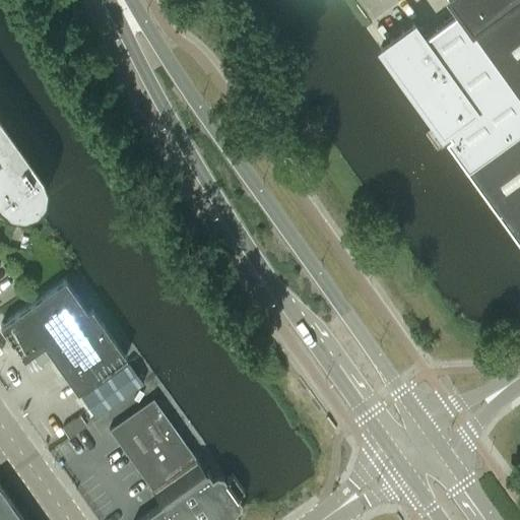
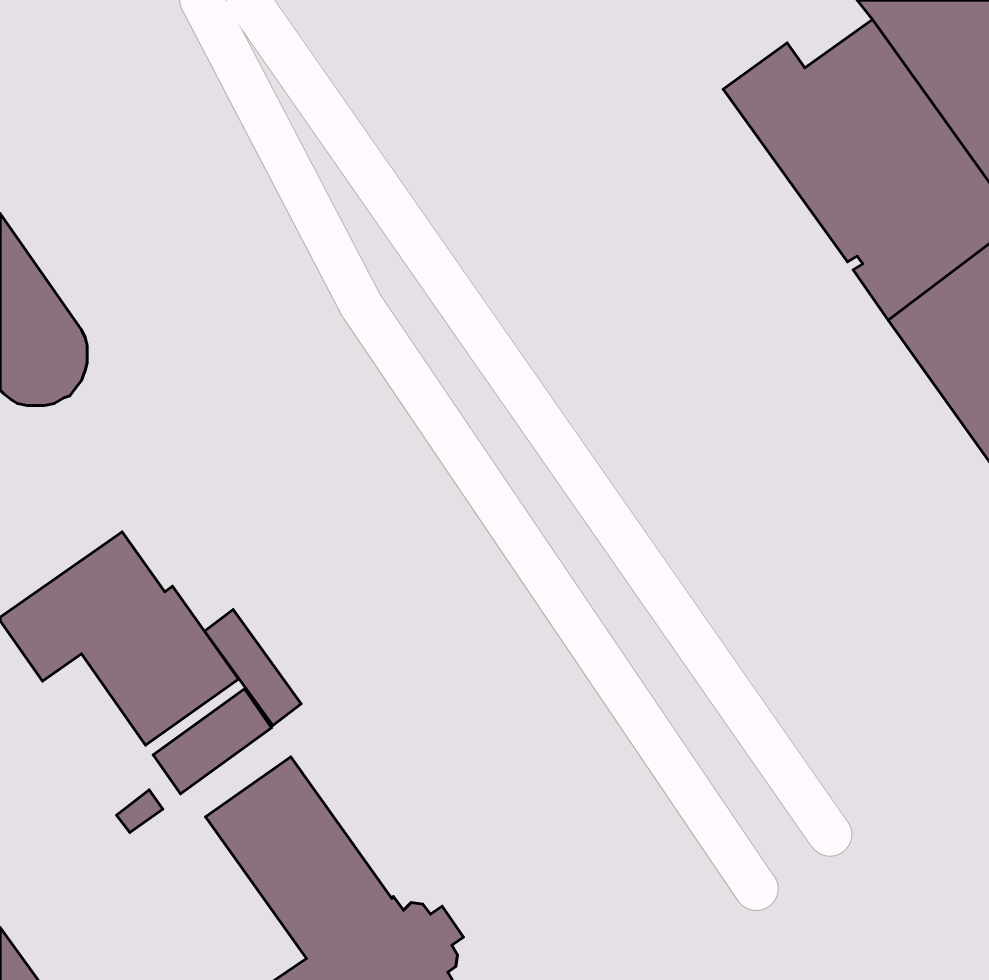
building: none -> [204,609,301,726]

